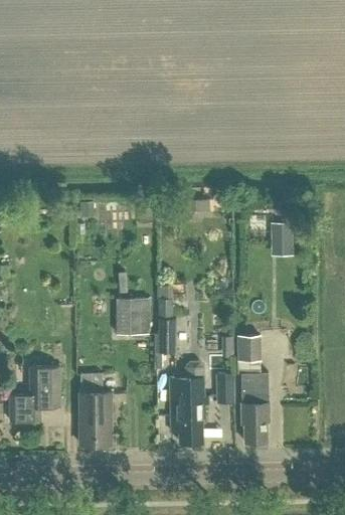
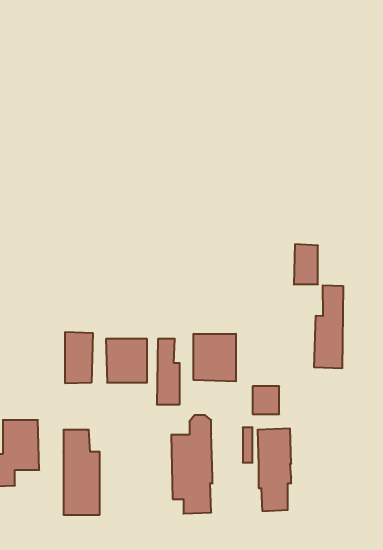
building: none -> [314,285,343,368]
building: none -> [65,332,93,383]
building: none -> [194,334,236,381]

